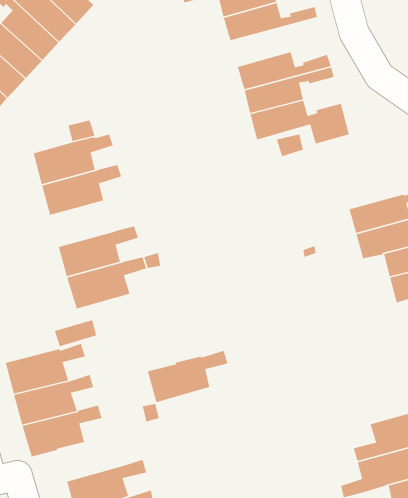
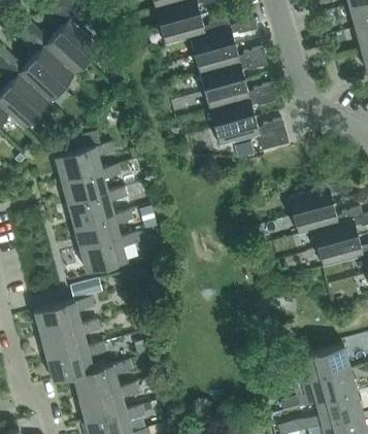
building: none -> [200,57,267,93]
building: none -> [67,188,127,226]
building: [147,350,228,403] -> [73,360,133,399]

